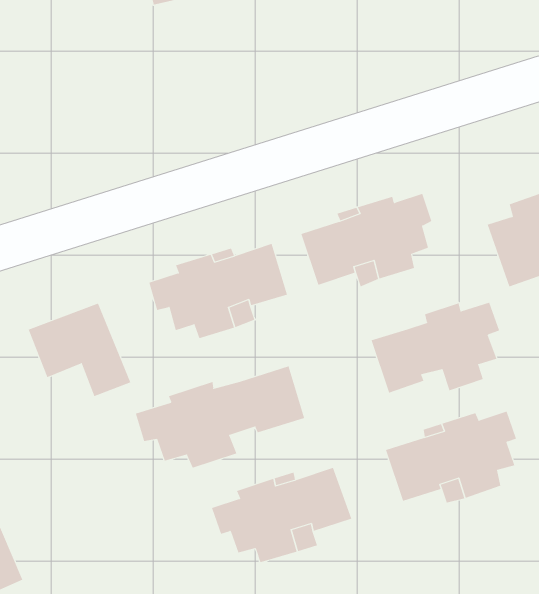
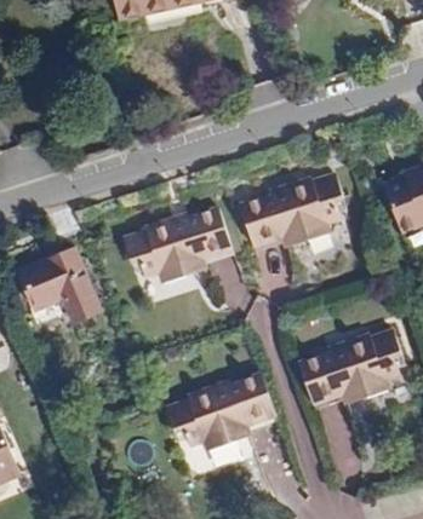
building: [371,302,500,393] -> none
building: [135,365,305,469] -> none

